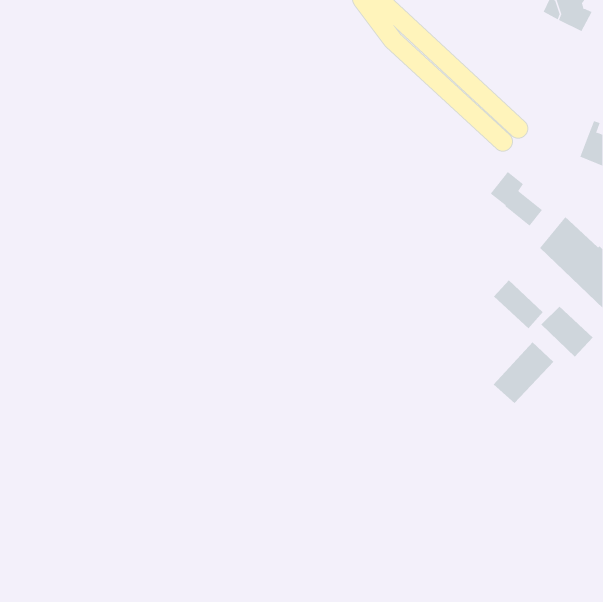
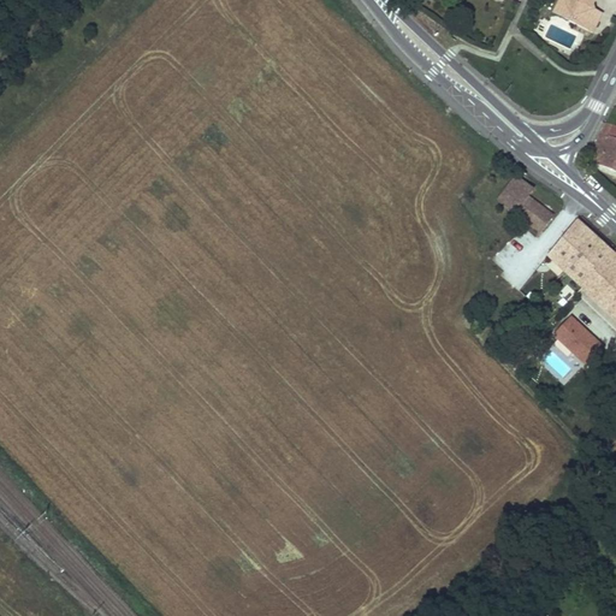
building: [493,279,543,329] -> none
building: [493,342,554,404] -> none

